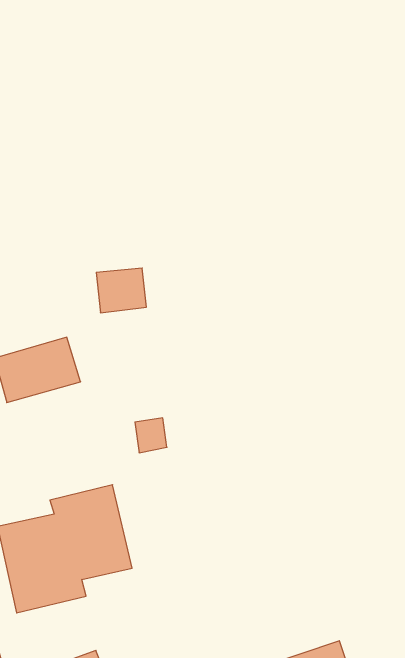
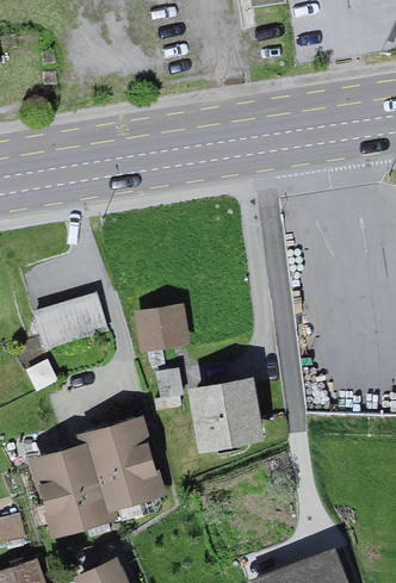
building: [96,268,146,313] -> [137,306,180,345]
building: none -> [190,380,259,448]

